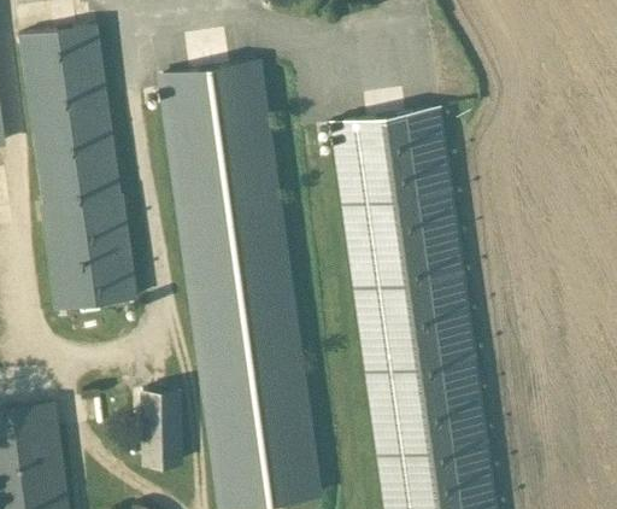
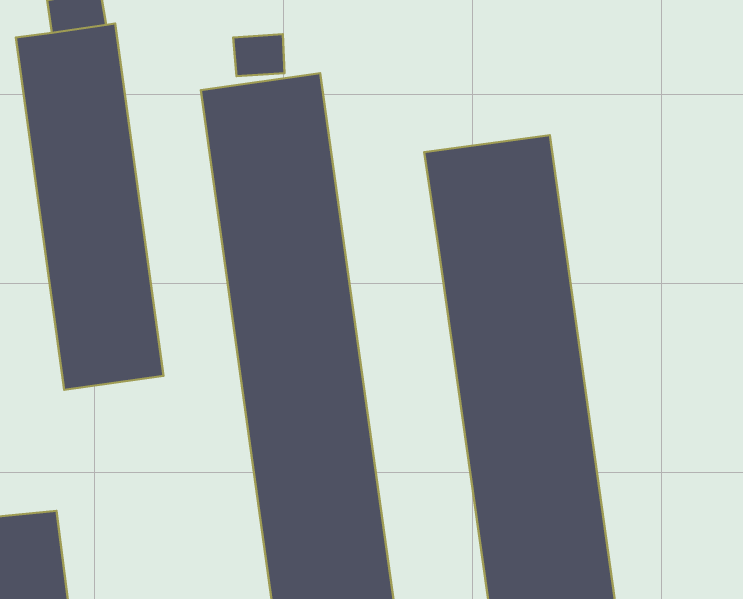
building: [142,392,180,467] -> none

